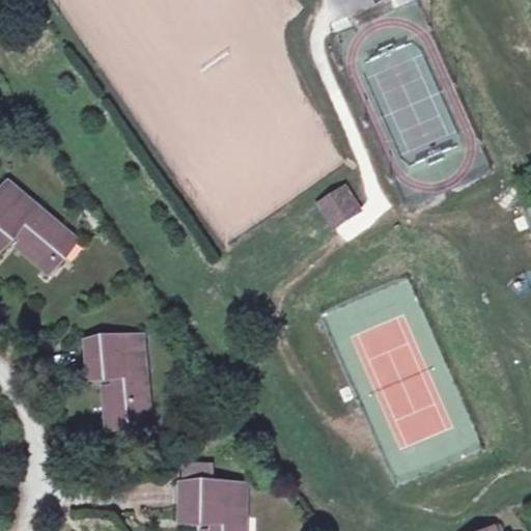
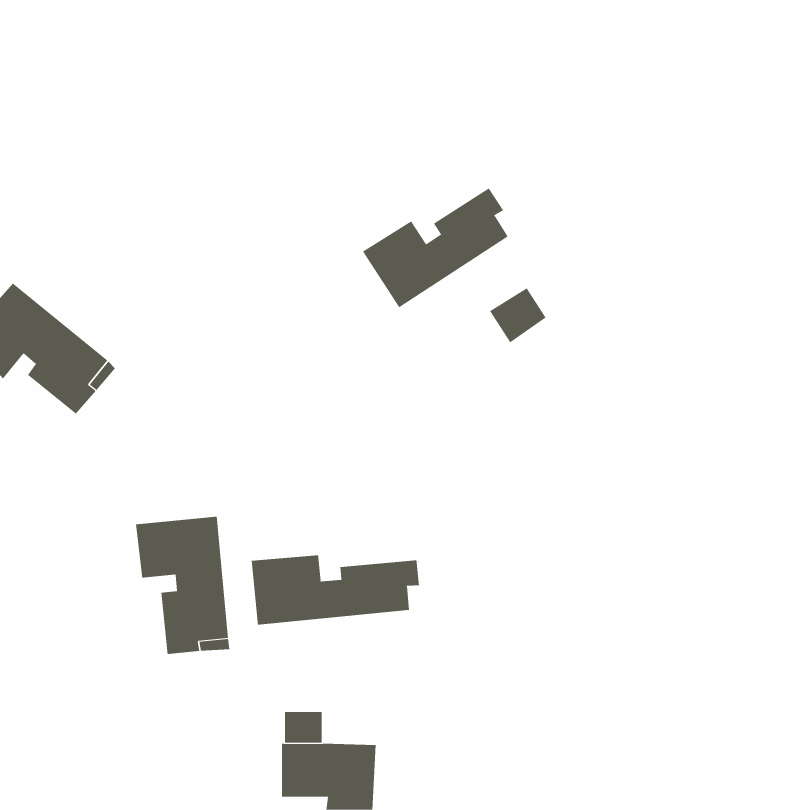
building: none -> [362,187,508,308]
building: none -> [251,554,419,626]

